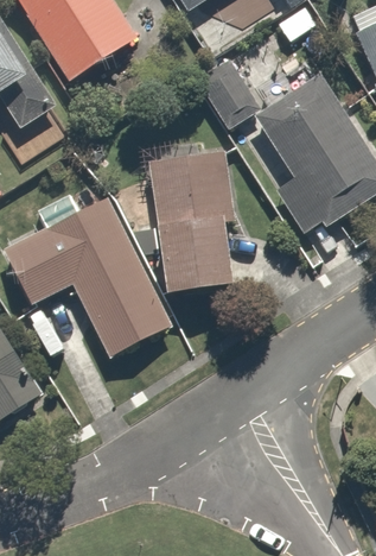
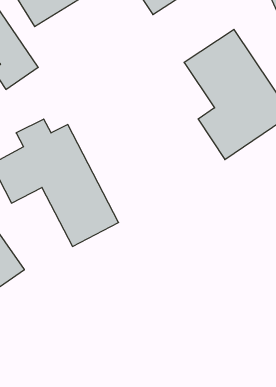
building: [193,58,259,128] -> none
building: [154,145,243,297] -> none

